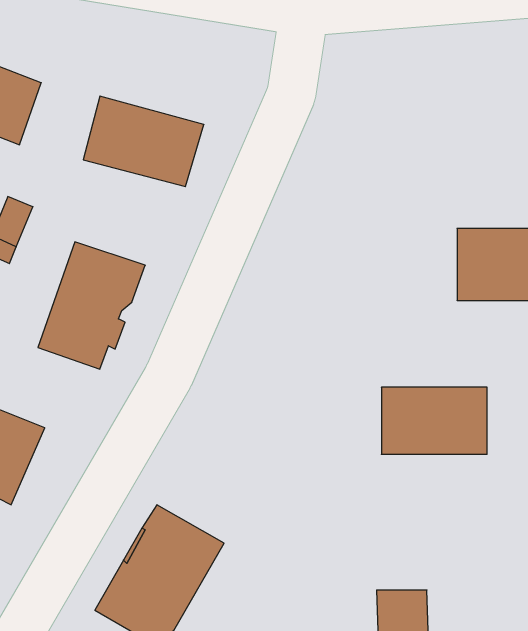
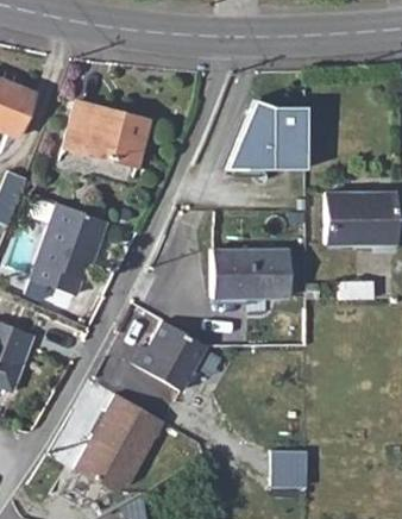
building: none -> [226,98,307,169]
building: [381,387,487,454] -> [215,252,290,300]
building: none -> [131,319,207,389]

